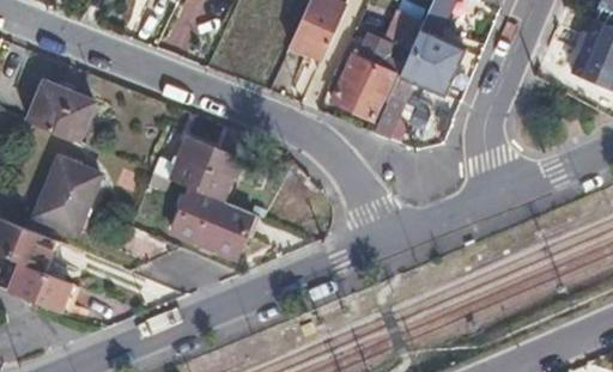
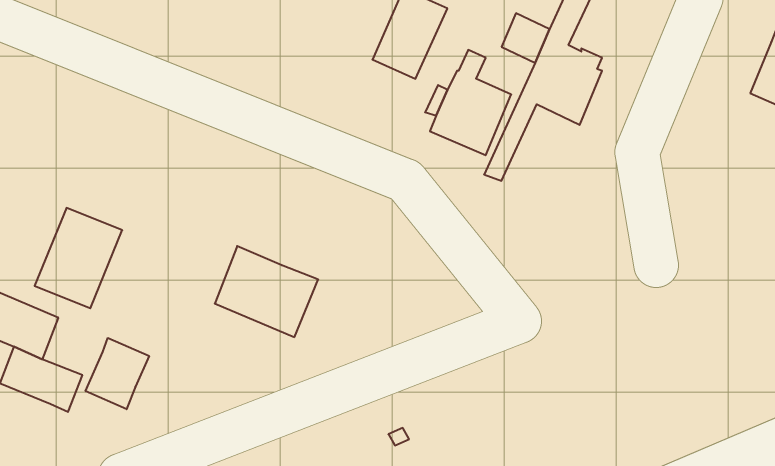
building: [28,81,95,142] -> none
building: [170,138,239,201] -> none
building: none -> [86,338,149,409]

